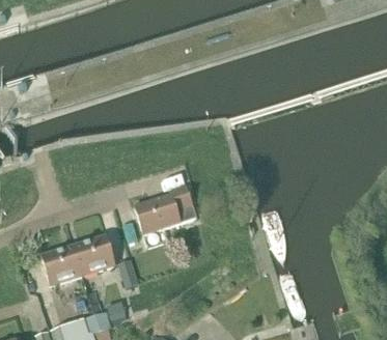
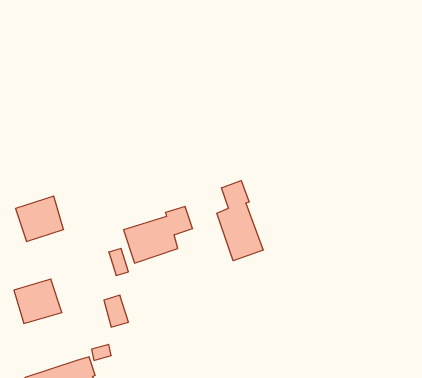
building: none -> [217,181,263,261]
building: [73,236,113,275] -> [16,196,64,242]

